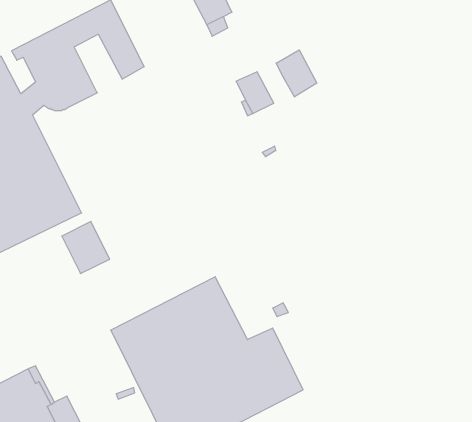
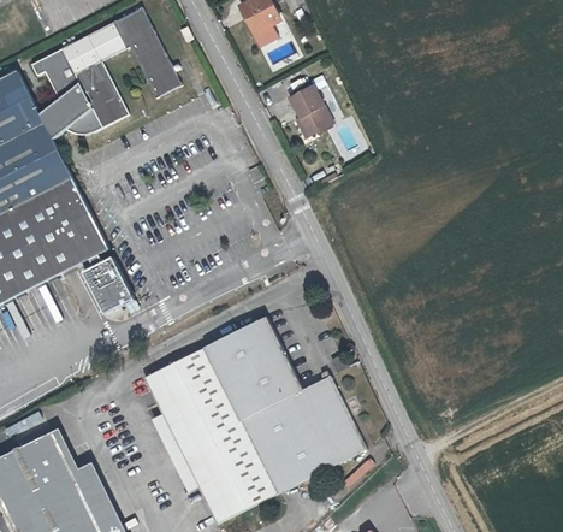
building: [276,50,317,97] -> none

